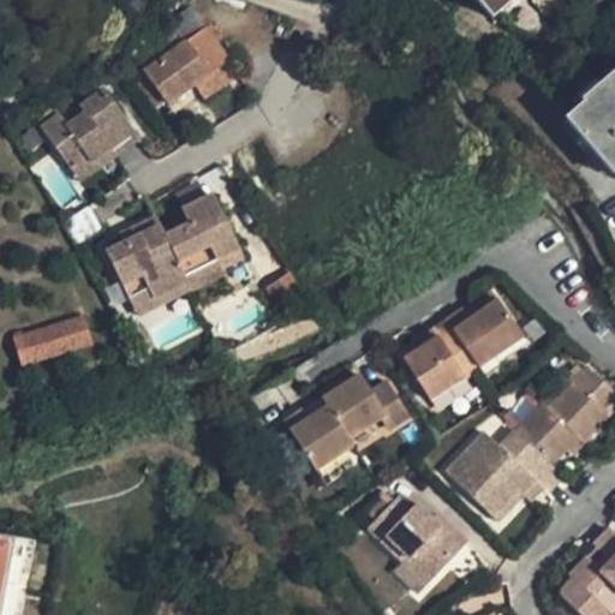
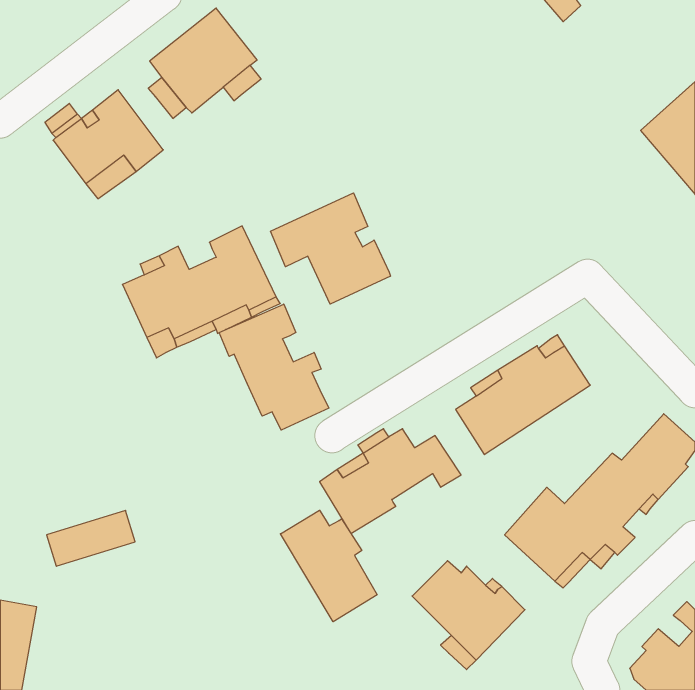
building: none -> [270,193,390,304]
building: none -> [219,304,329,430]
building: [13,314,91,363] -> [47,510,135,566]
building: none -> [280,510,377,622]

